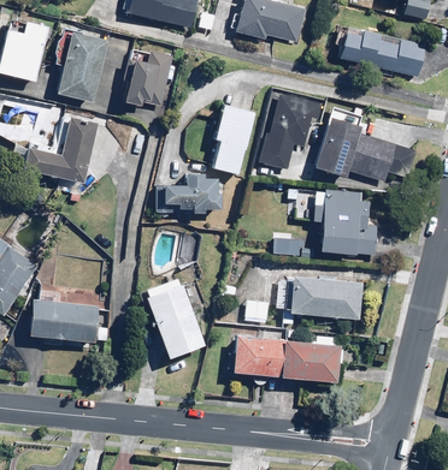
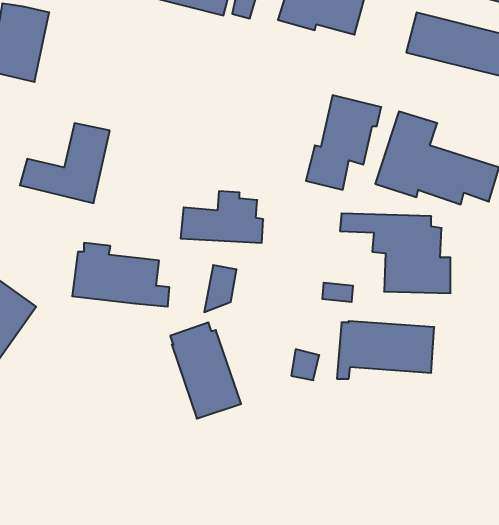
building: [58,30,110,102] -> none
building: [124,48,173,109] -> none
building: [213,103,257,175] -> none
building: [29,292,108,344] -> [72,243,169,306]
building: [232,334,342,382] -> none

